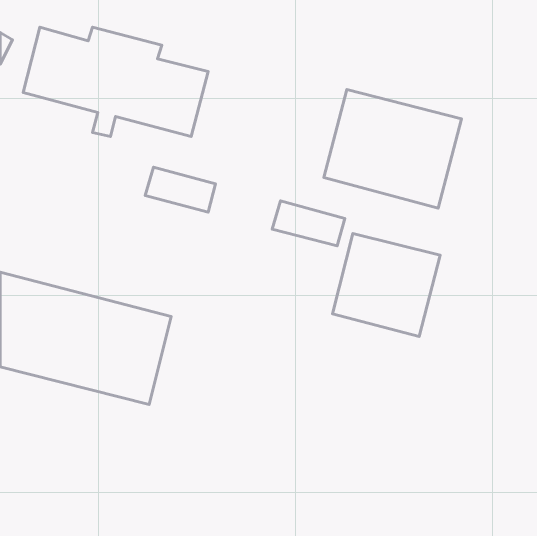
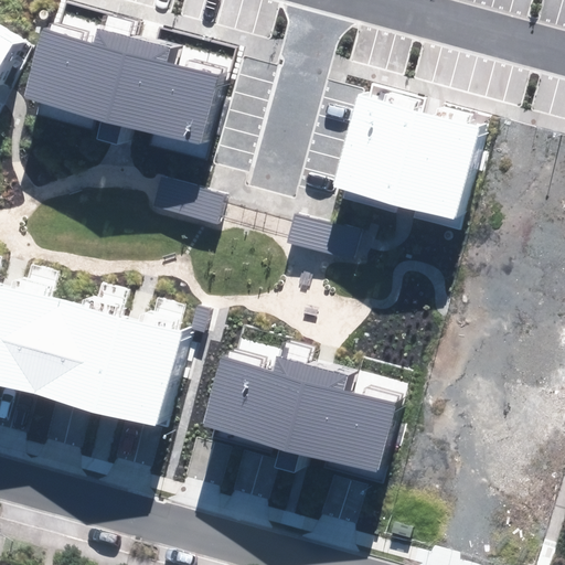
building: [332,233,440,337] -> none
building: none -> [202,355,397,471]

